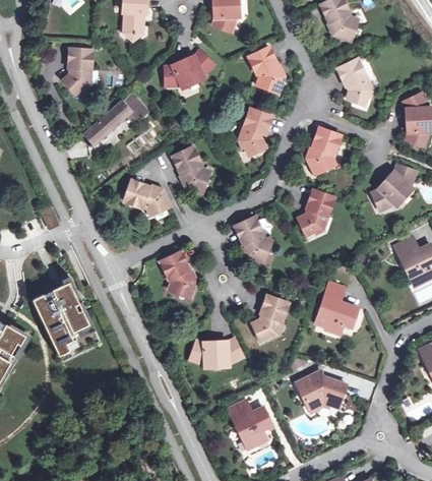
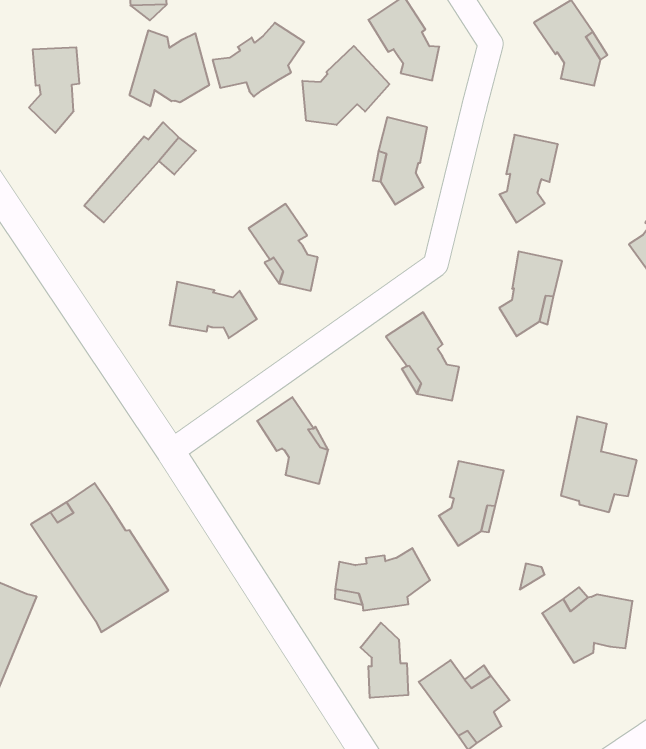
building: none -> [130,30,209,106]
building: none -> [302,46,389,125]
building: none -> [360,623,408,698]

